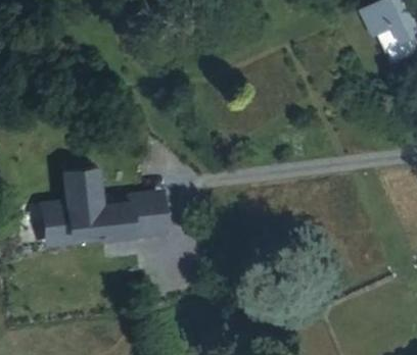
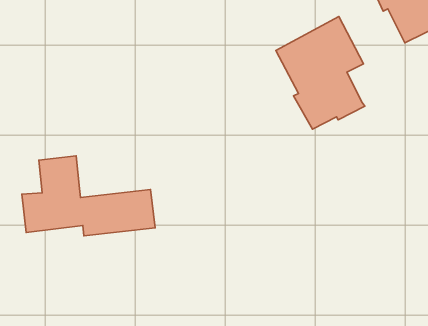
building: none -> [276,16,365,129]

